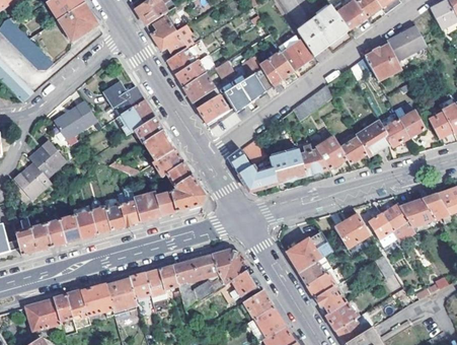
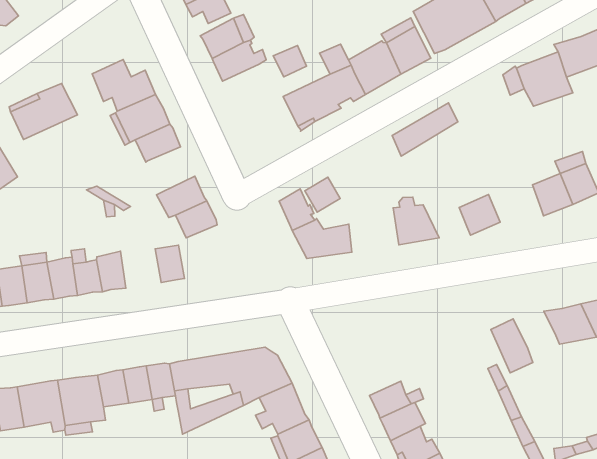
building: [184,74,215,101] -> none
building: [198,95,229,124] -> none
building: [355,122,390,156] -> none
building: [144,131,174,160] -> none
building: [313,136,346,168] -> none
building: [270,148,305,184] -> none
building: [169,177,204,212] -> none
building: [134,192,161,222] -> none
building: [381,203,408,231] -> none
building: [333,213,369,248] -> none
building: [286,238,320,271] -> none

